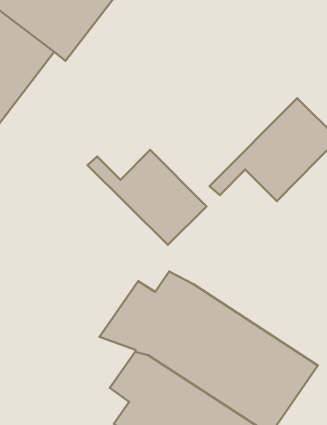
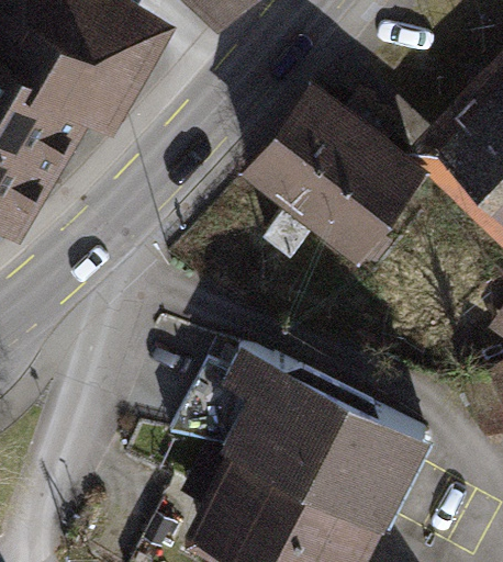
building: none -> [258,99,372,252]
building: [87,150,206,245] -> none

